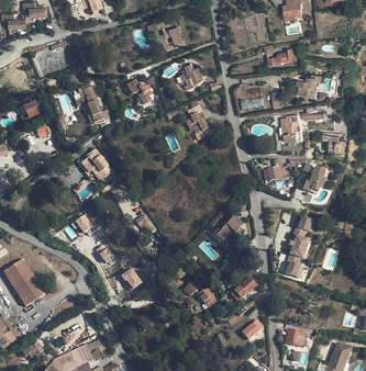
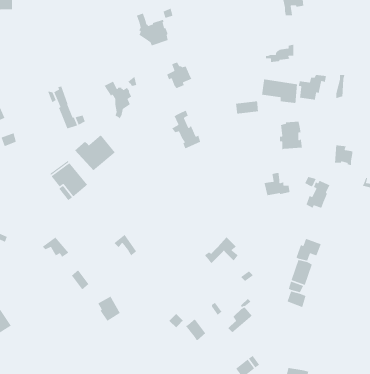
building: none -> [261,79,298,104]
building: none -> [74,134,116,171]

